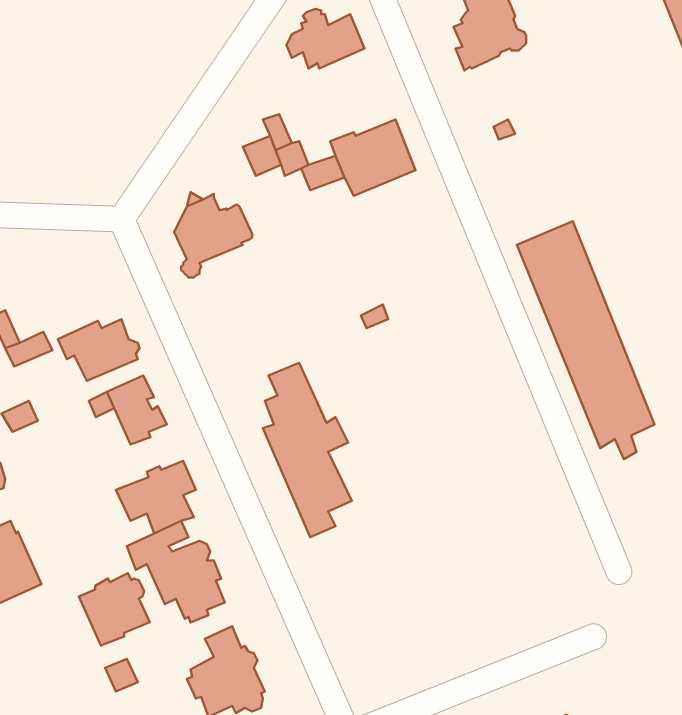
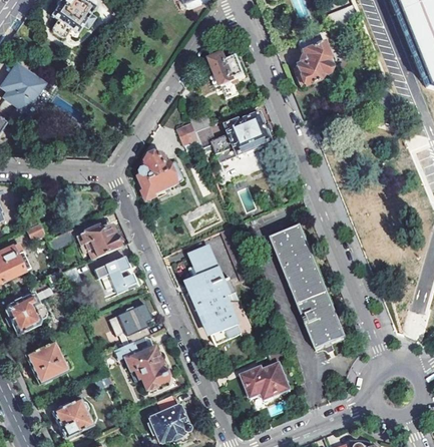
building: [517,221,655,459] -> [271,225,347,356]
building: [79,573,150,646] -> [53,397,92,437]
building: none -> [243,364,292,401]

